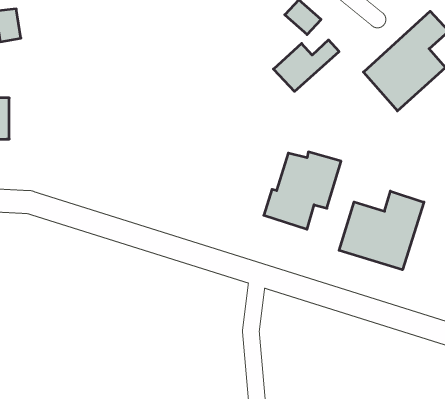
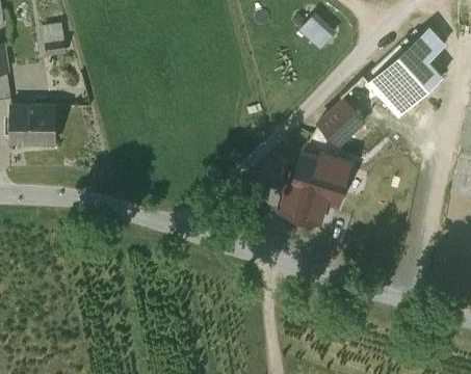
building: [273,40,339,91] -> [319,97,377,142]
building: [339,191,424,270] -> none

